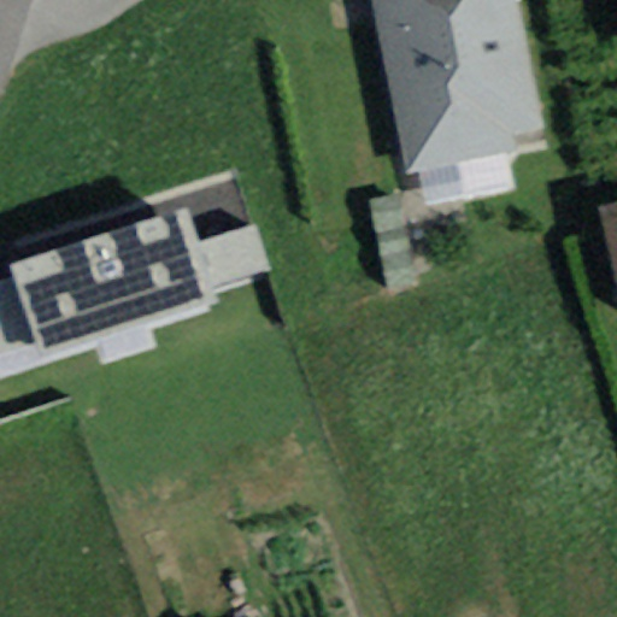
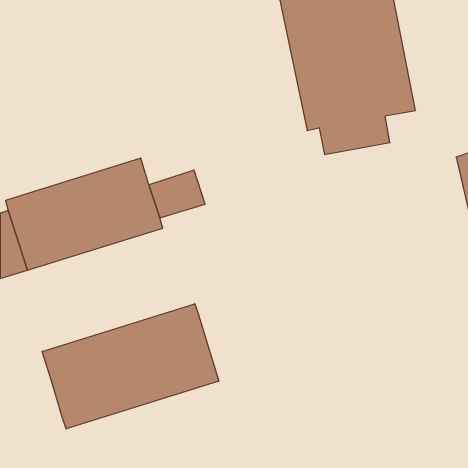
building: none -> [42,304,219,429]

